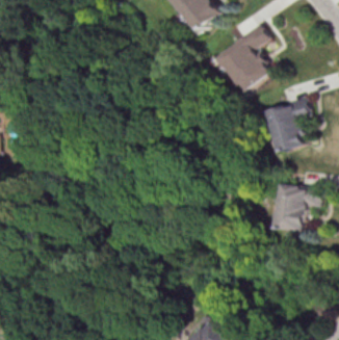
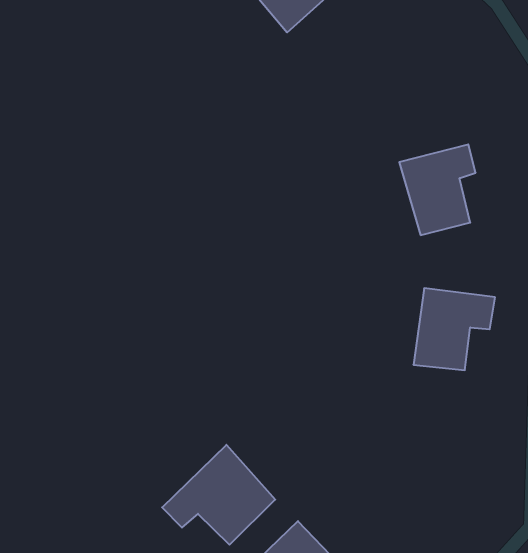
building: [215,25,270,91] -> none
building: none -> [162,445,275,545]

